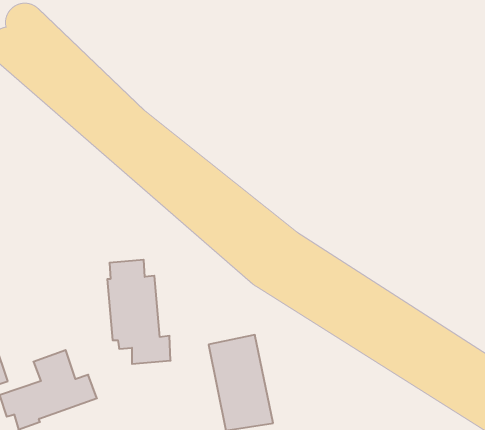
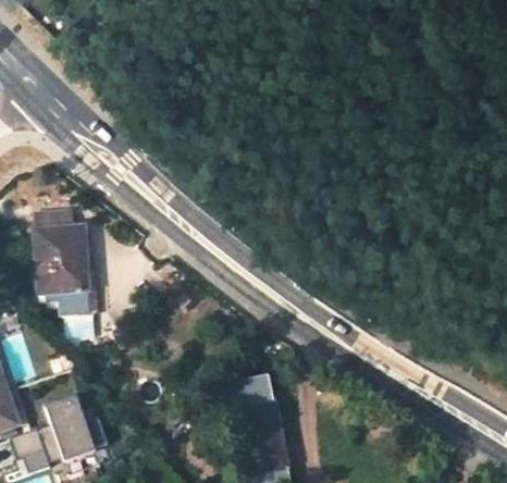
building: [107,260,171,364] -> [35,210,99,315]

